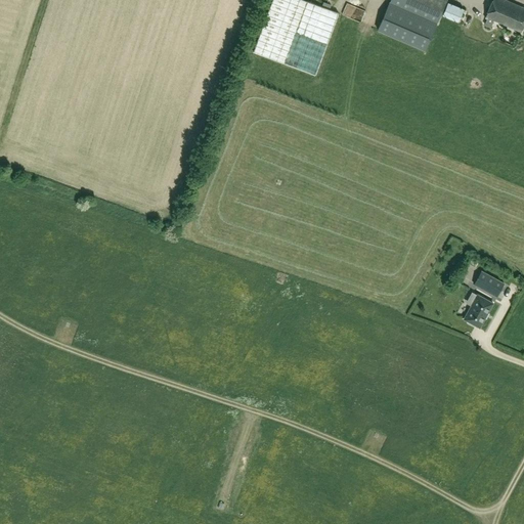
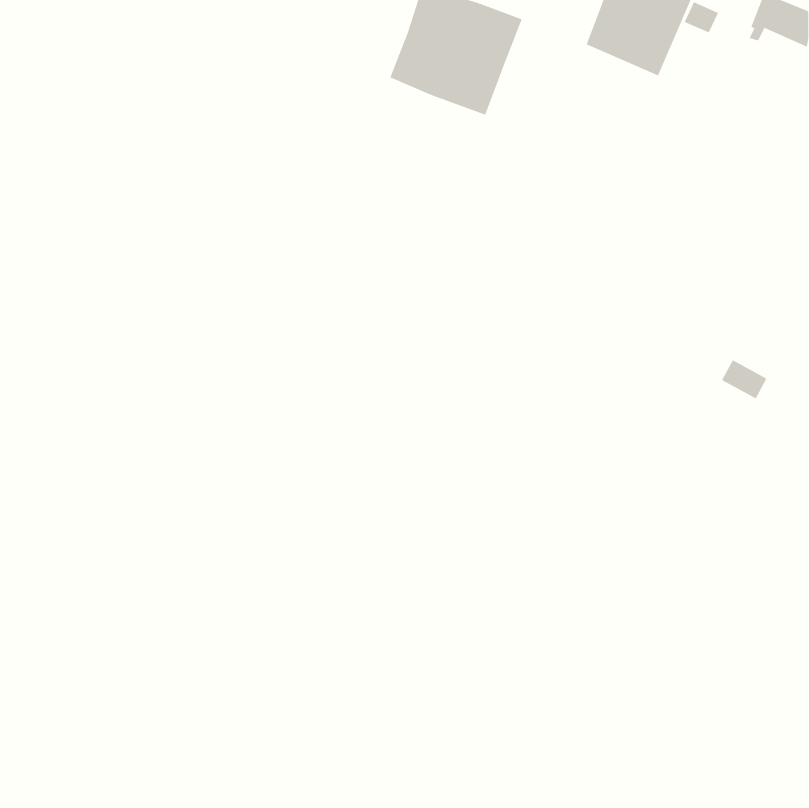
building: [474,270,504,296] -> [721,360,767,399]
building: [464,294,493,326] -> none

